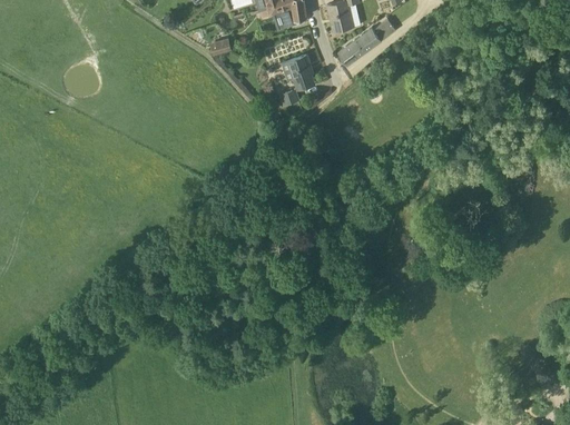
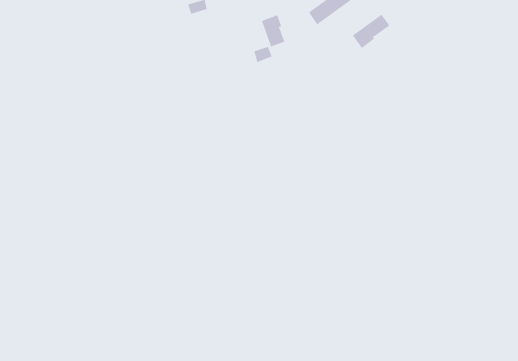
building: none -> [352,14,390,49]

